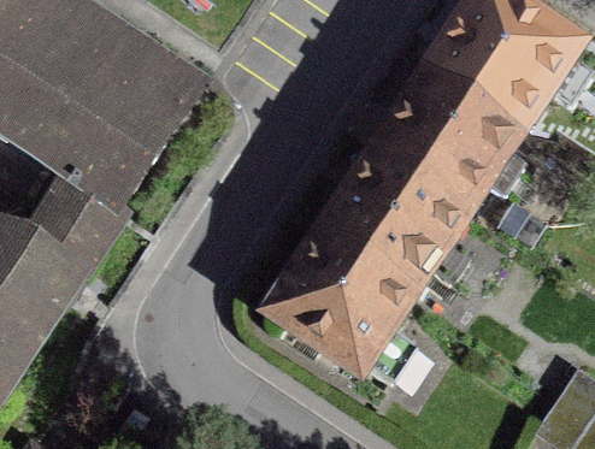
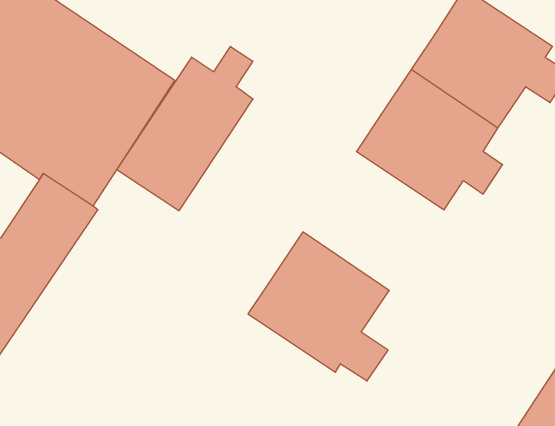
building: none -> [117,46,253,211]
building: [328,150,469,288] -> none

